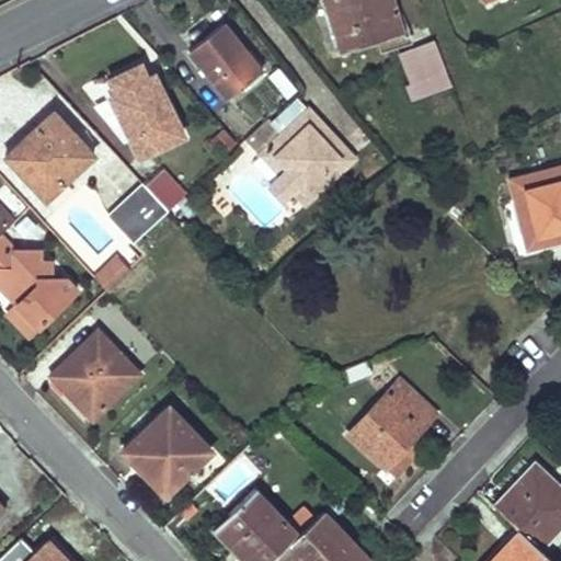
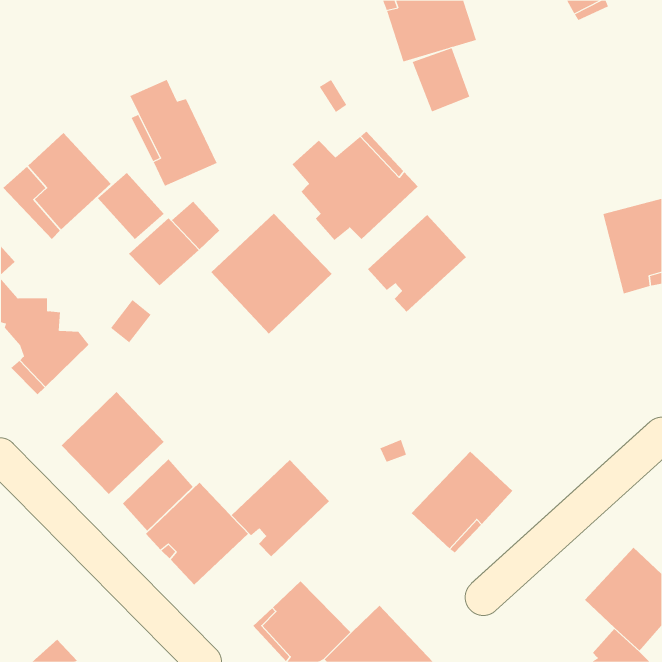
building: [190,26,262,100] -> none
building: [401,45,450,100] -> [412,48,470,112]
building: none -> [211,213,332,335]
building: none -> [367,214,467,312]
building: none -> [122,459,193,532]
building: none -> [231,459,330,557]

